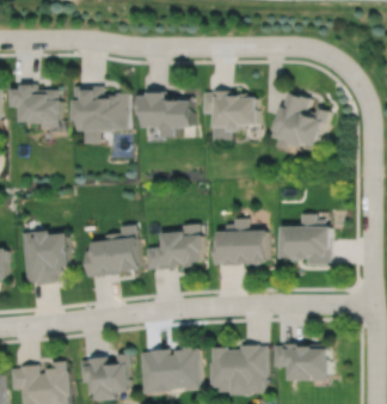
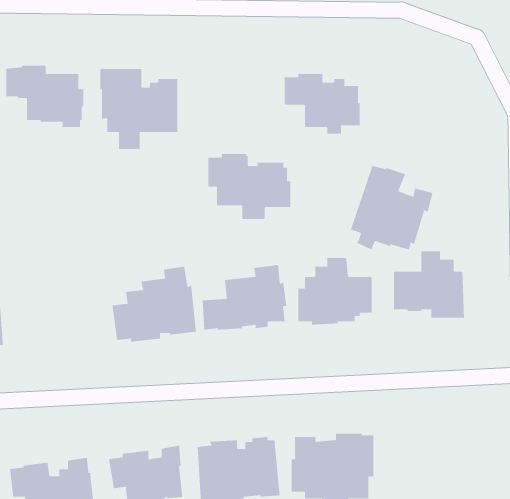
building: [139,92,197,139] -> [207,153,291,220]
building: [271,93,330,153] -> [350,165,433,250]
building: [20,233,70,287] -> none
building: [272,342,330,379] -> none

